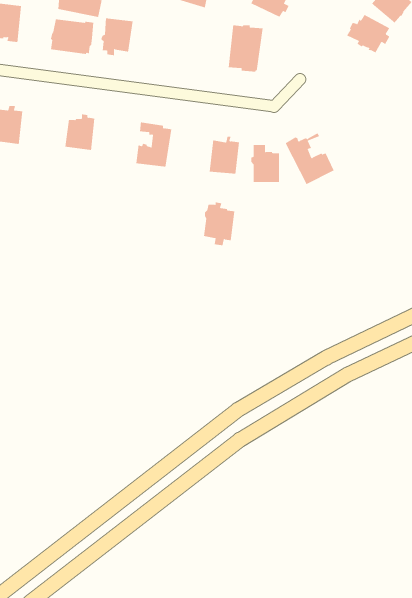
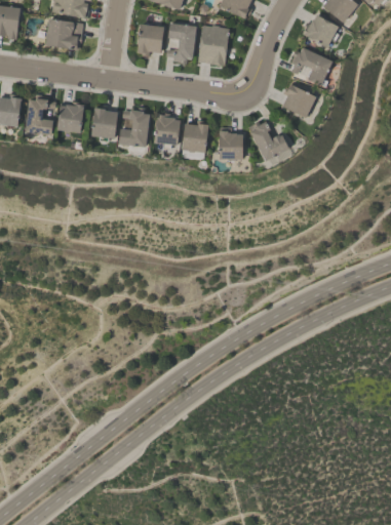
building: [101,18,134,56] -> [135,24,164,56]
building: none -> [165,23,196,64]
building: none -> [289,48,333,87]
building: none -> [281,84,316,119]
building: none -> [25,99,54,136]
building: none -> [91,108,118,142]
building: [203,202,235,246] -> [153,113,181,151]

